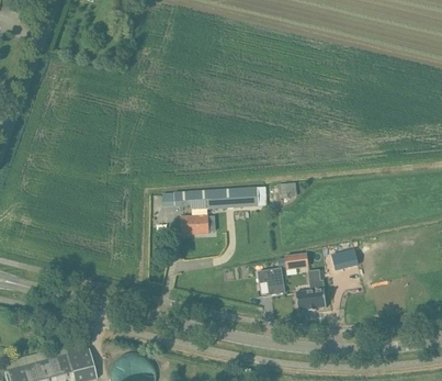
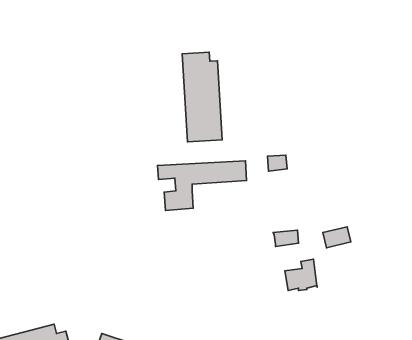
building: none -> [182,52,222,142]
building: [258,267,285,294] -> none

